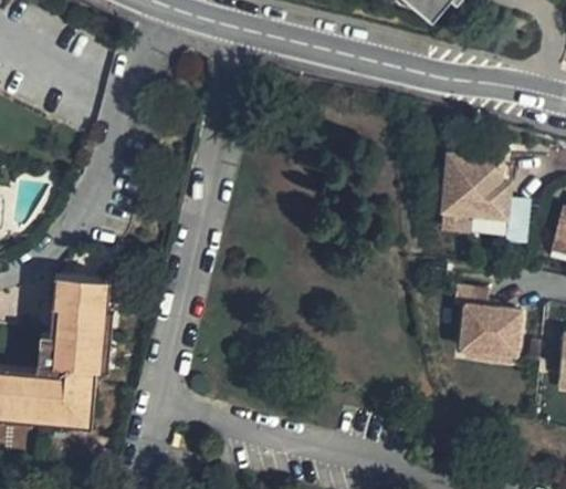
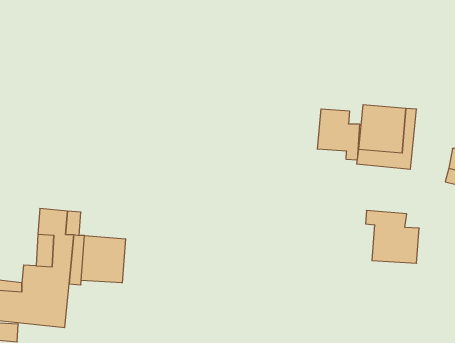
building: none -> [318,109,359,160]
building: none -> [81,236,125,283]

